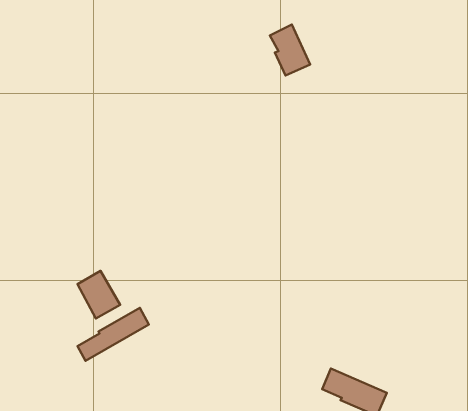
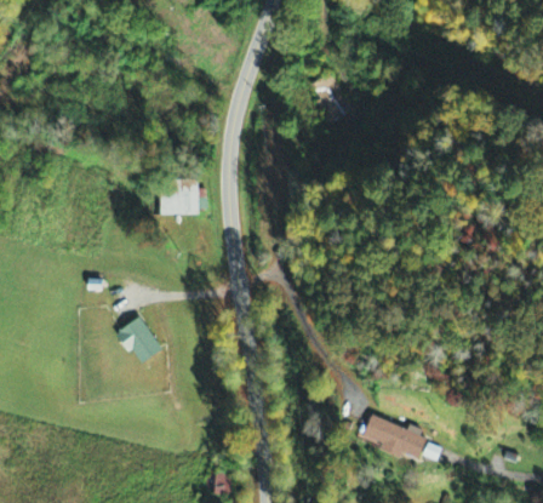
building: none -> [158,179,199,216]
building: [77,308,149,361] -> none

